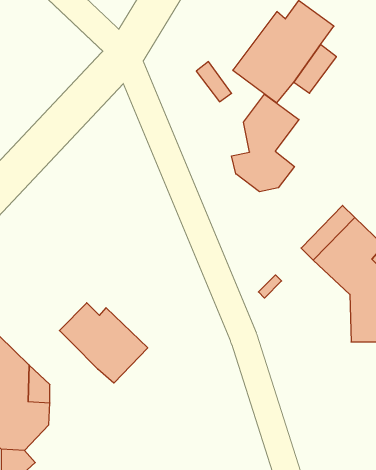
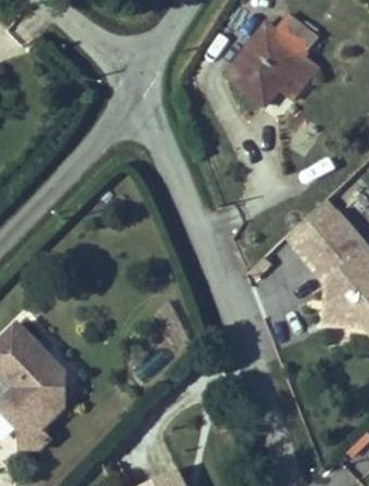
building: [232,94,299,192] -> none
building: [59,303,148,383] -> none

